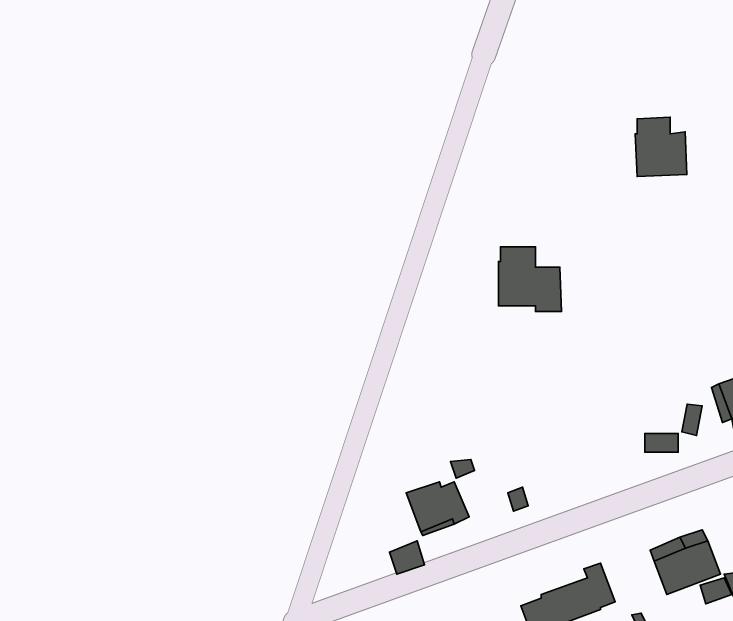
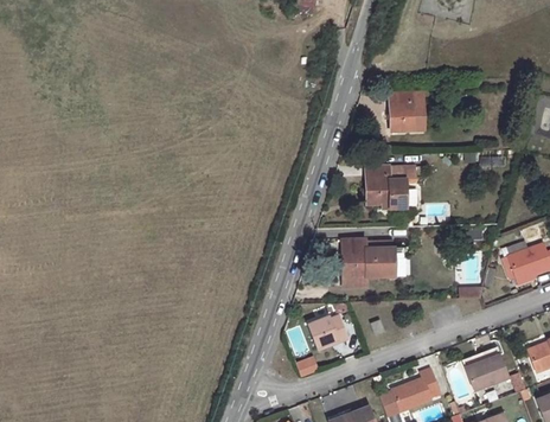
building: [635,117,687,176] -> [391,91,424,129]
building: none -> [343,238,395,276]

